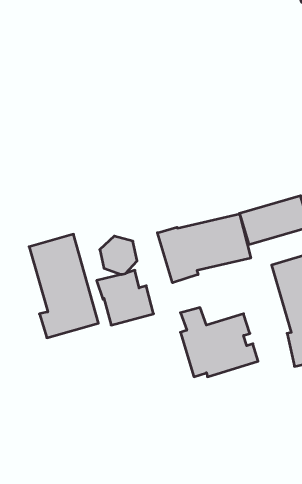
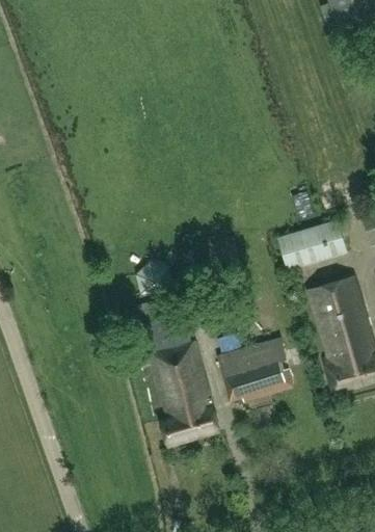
building: [157,214,251,283] -> none
building: [29,234,98,338] -> [150,341,219,445]

